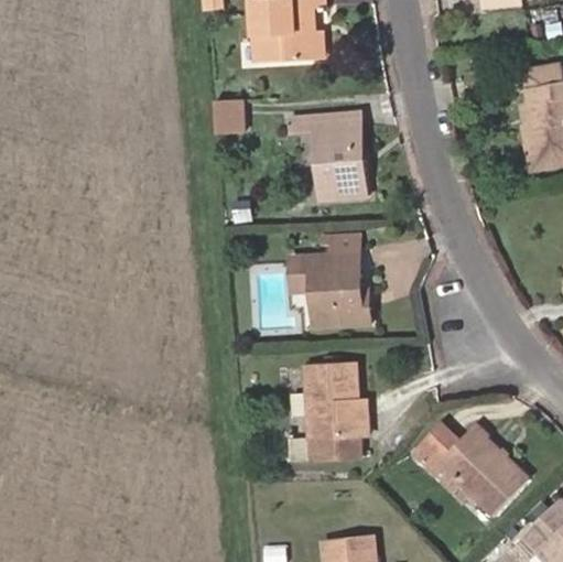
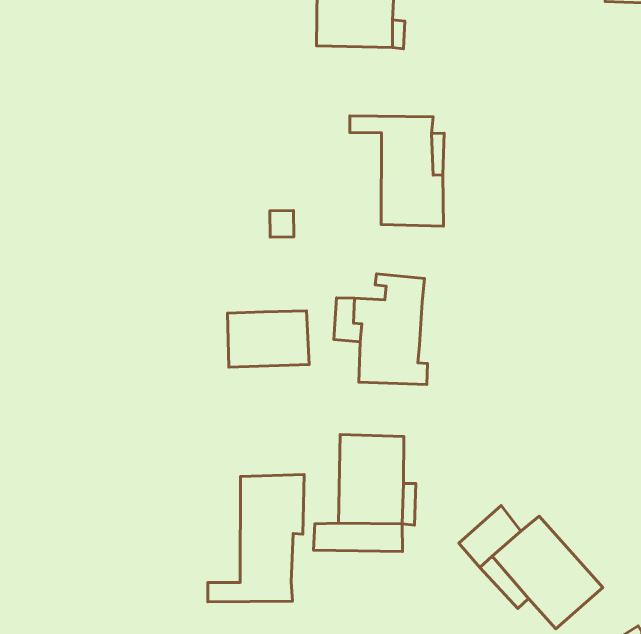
building: [212,100,242,136] -> none
building: none -> [227,311,309,367]
building: none -> [208,475,304,602]

